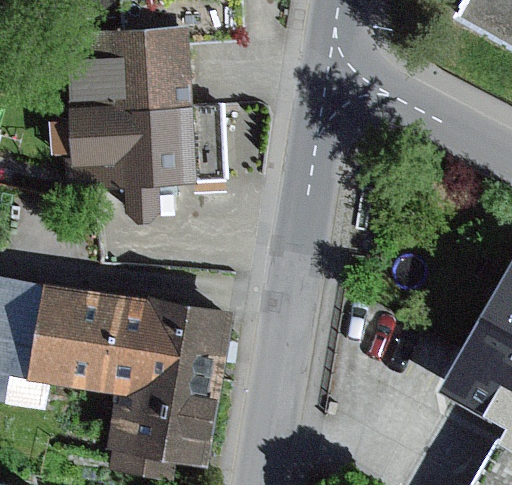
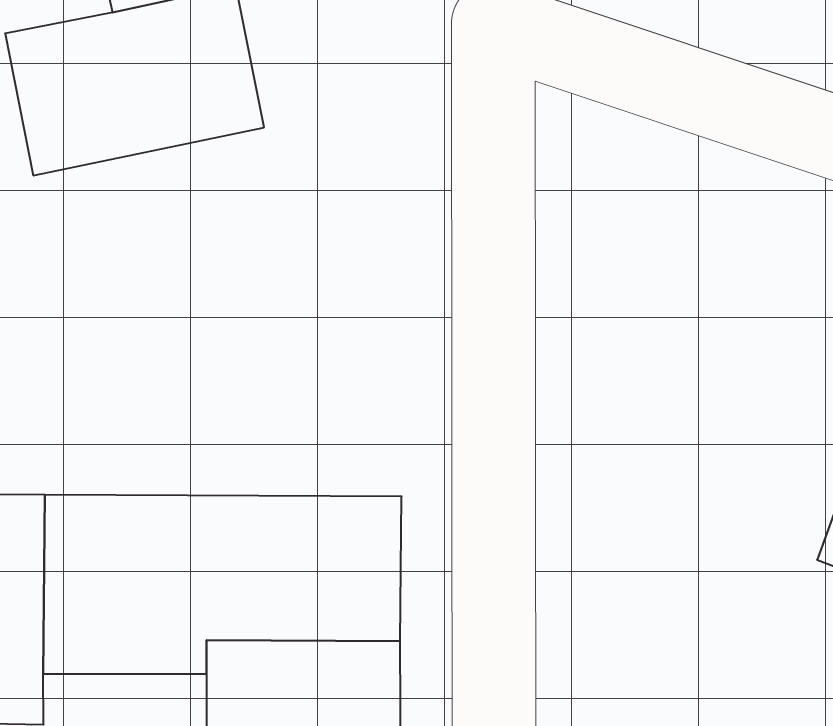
building: [65,108,224,222] -> none

